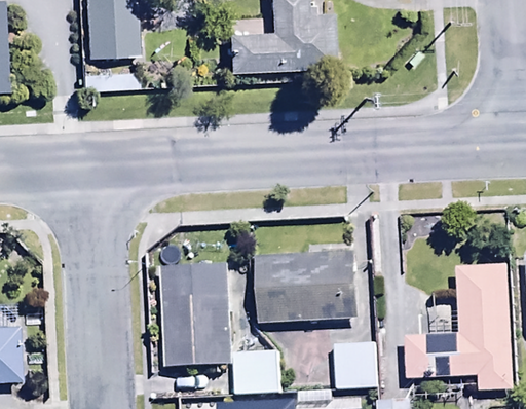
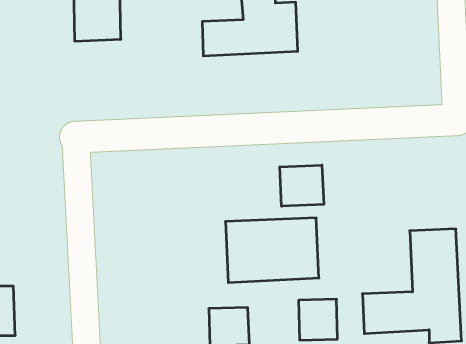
building: none -> [280,165,324,206]
building: [160,264,232,366] -> none

